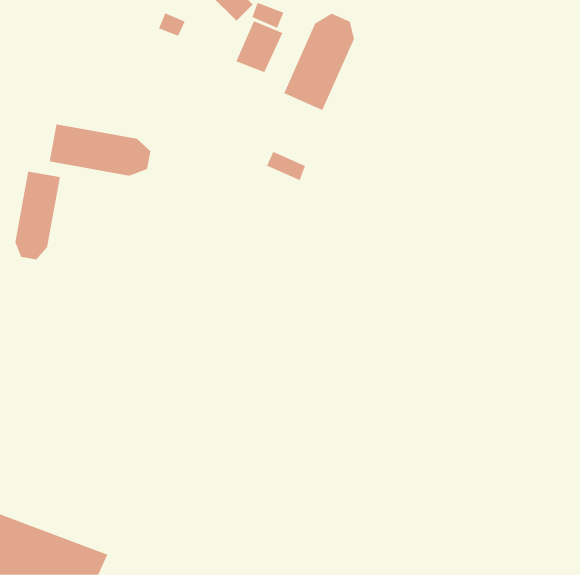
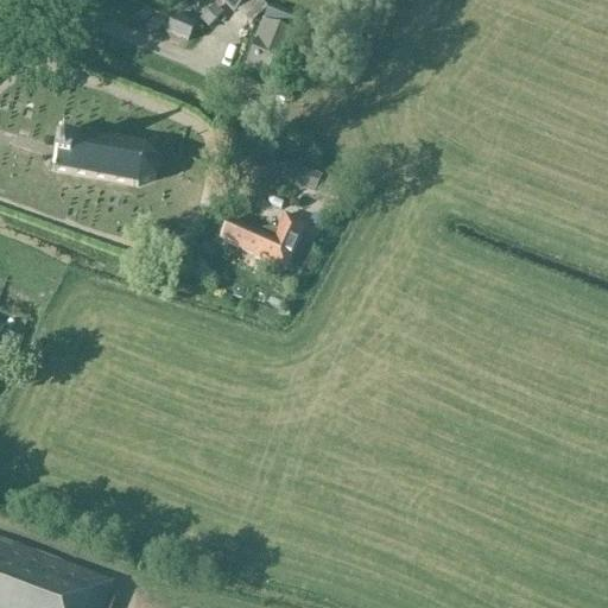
building: [283,13,354,111] -> none
building: [15,171,60,260] -> none
building: none -> [218,211,305,267]

